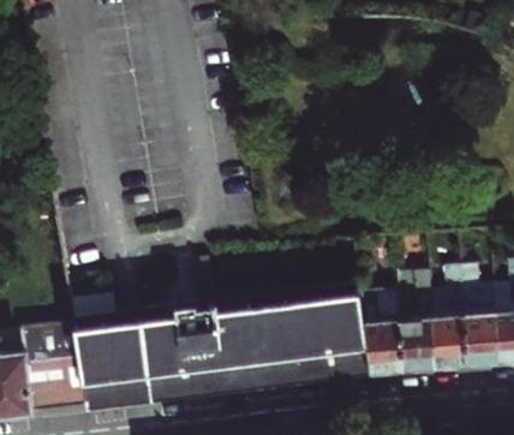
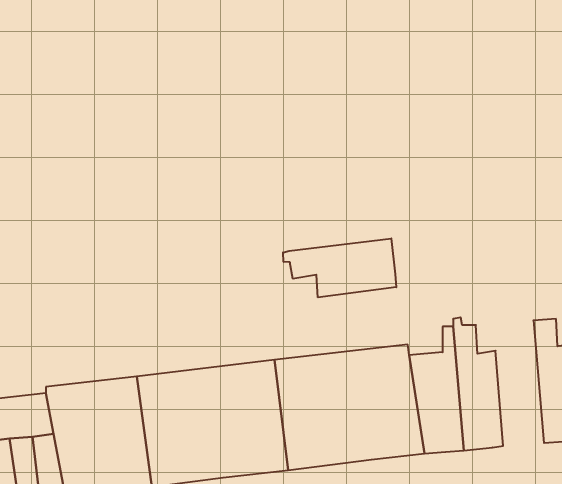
building: none -> [283,238,396,297]
building: [430,272,468,371] -> none

